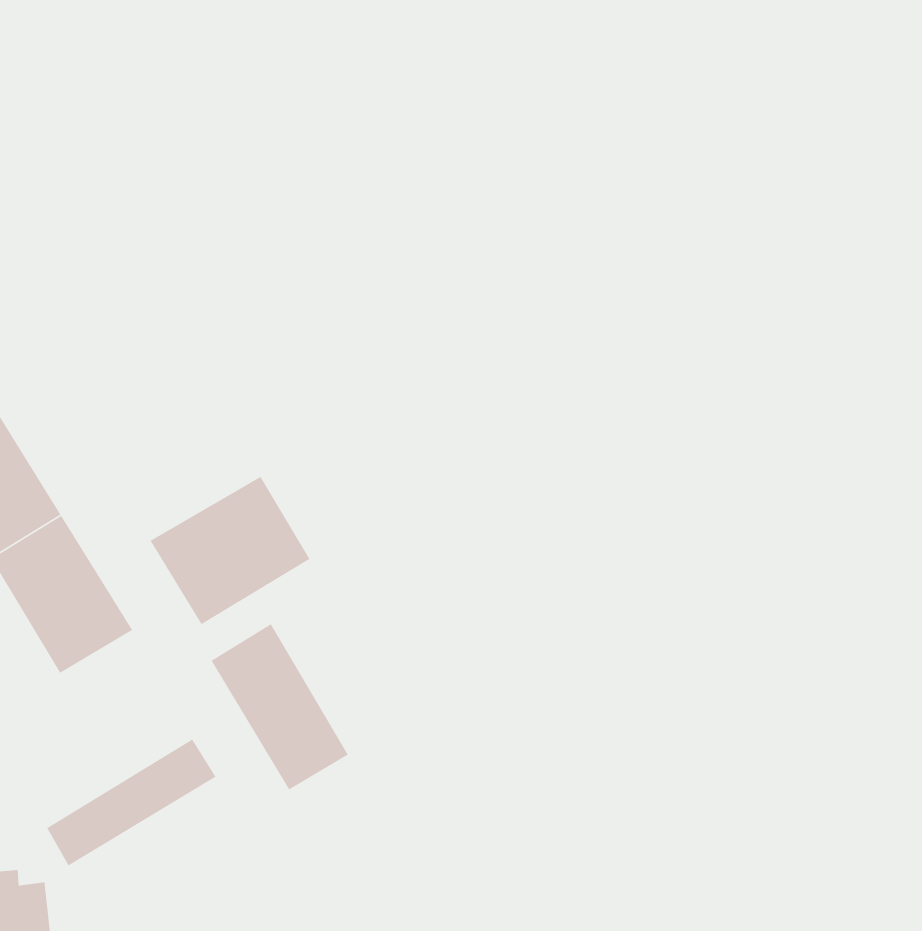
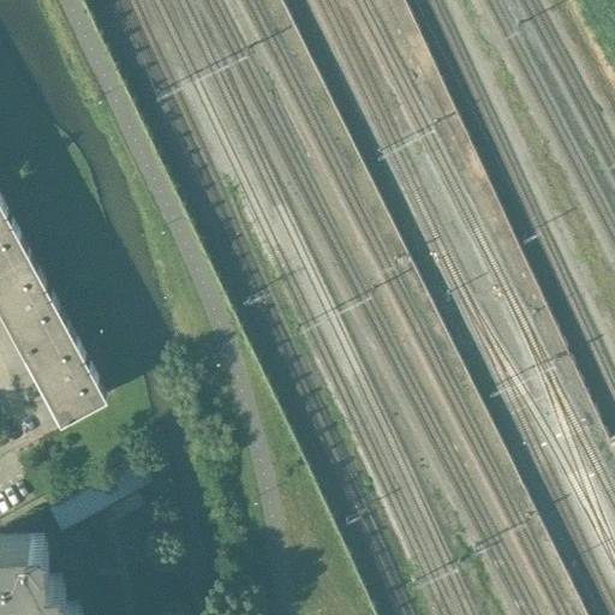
building: [150,476,310,625] -> none
building: [210,623,349,790] -> none

